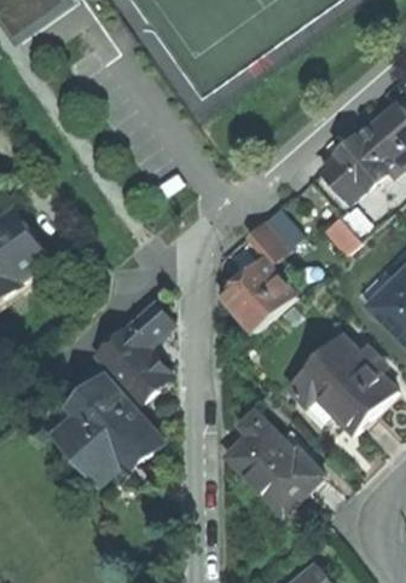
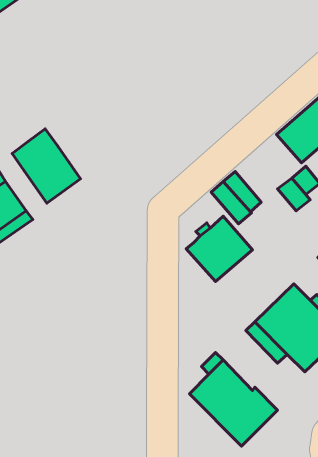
building: none -> [12,129,81,203]
building: [97,302,175,405] -> none
building: [58,376,161,480] -> none

